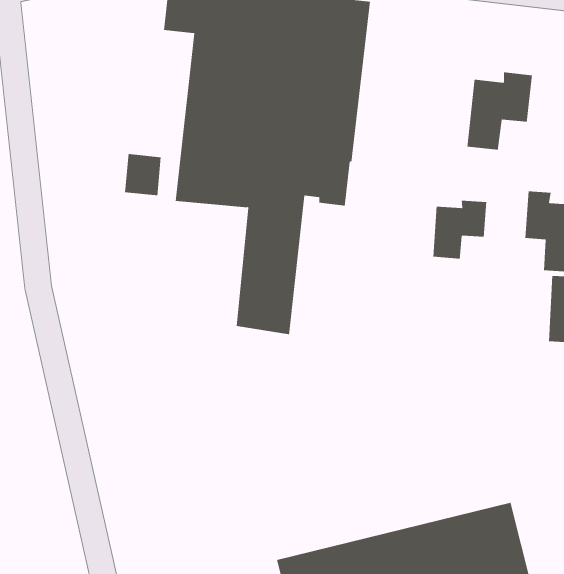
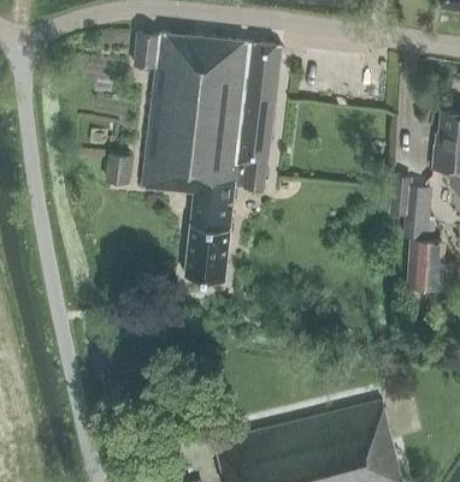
building: [467,72,533,151] -> none
building: [433,200,487,259] -> none

